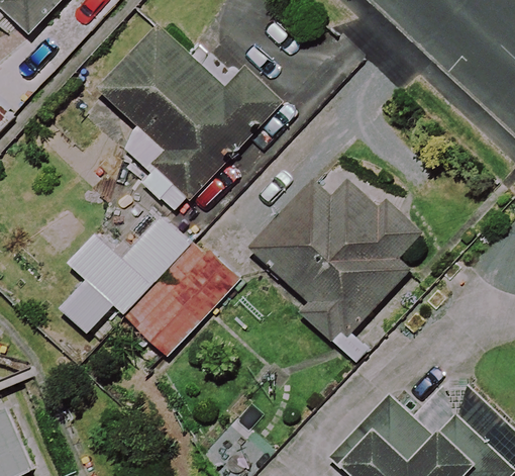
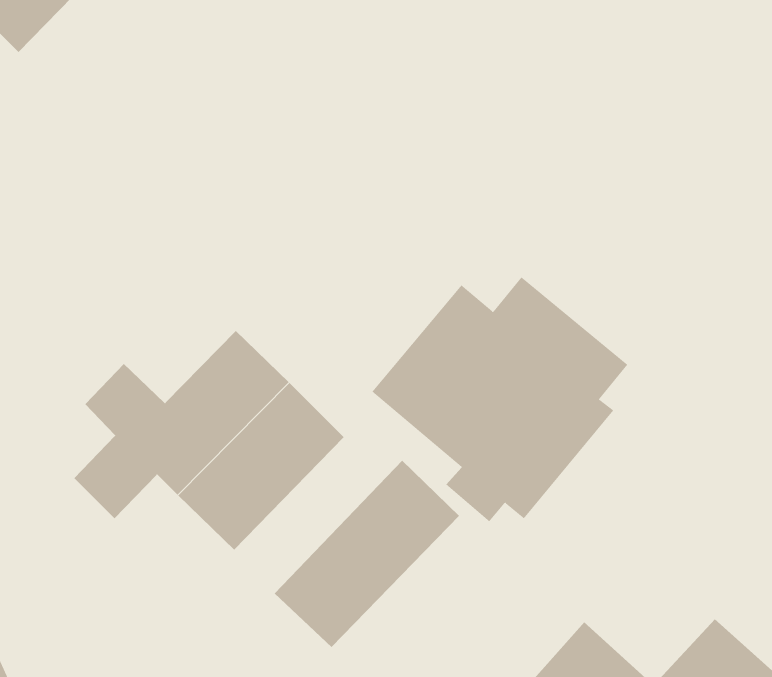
building: [99,24,280,211] -> none
building: none -> [274,460,460,648]

